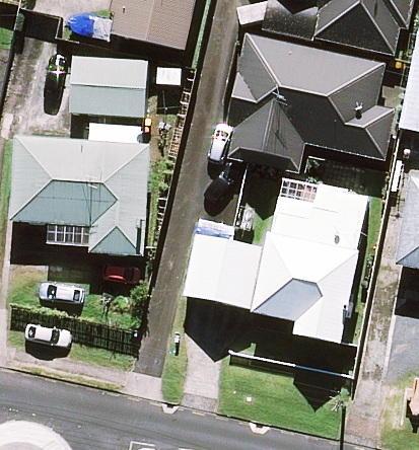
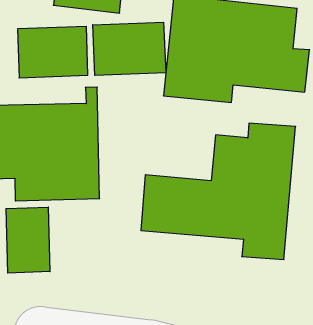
building: none -> [93,22,166,75]
building: none -> [6,207,50,273]

